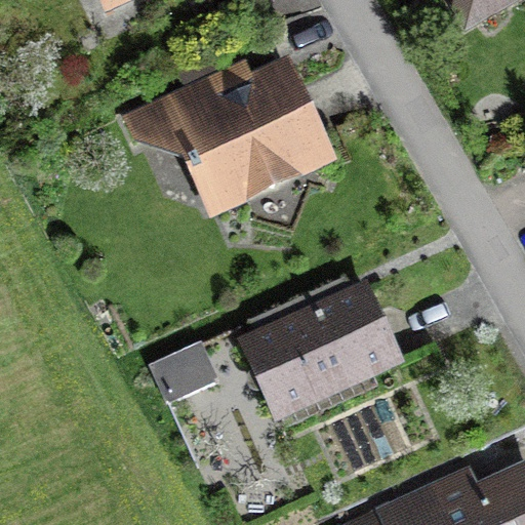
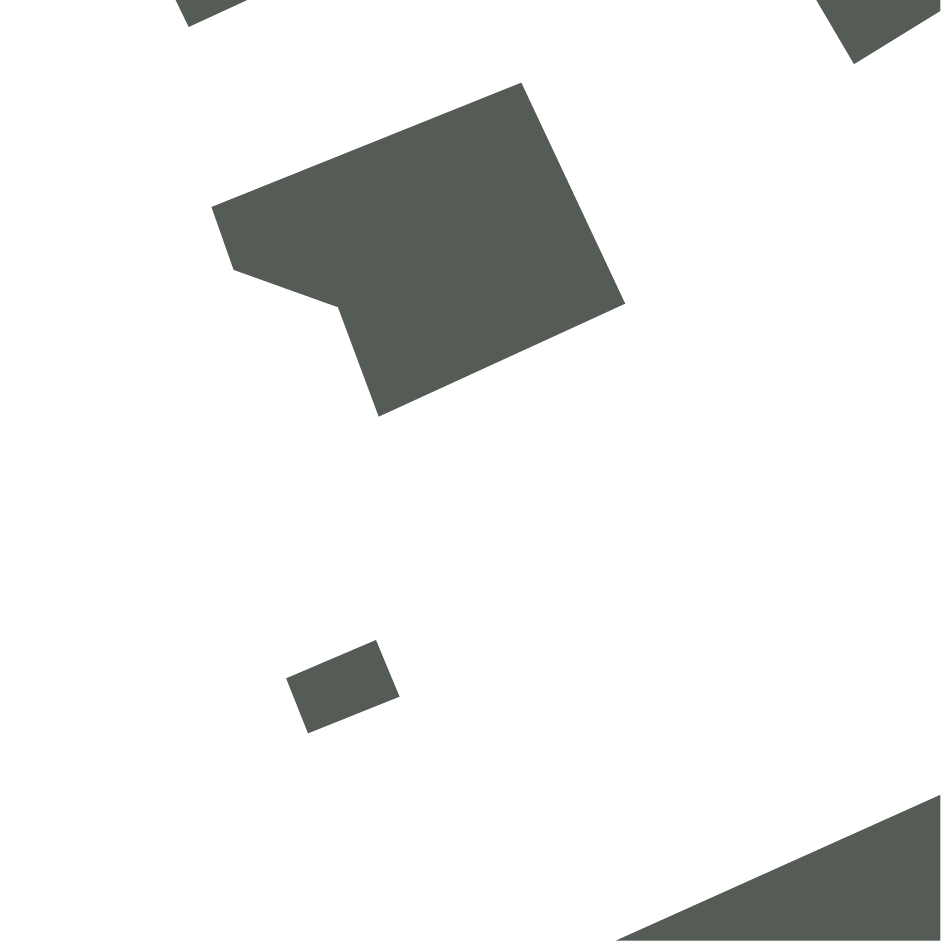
building: [239,283,406,422] -> none

